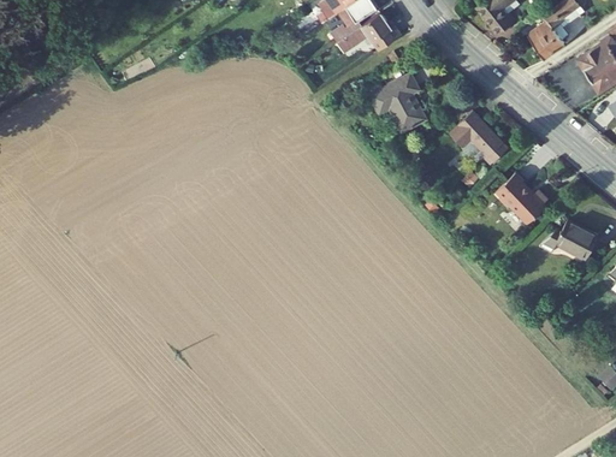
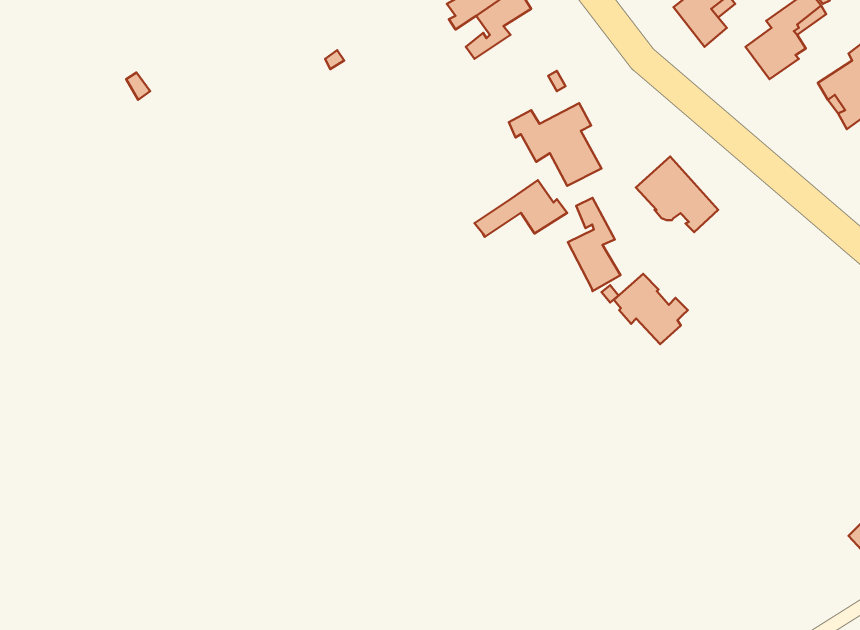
building: [337,13,402,53] -> [474,180,567,237]
building: none -> [568,198,620,291]
building: [496,174,547,224] -> [614,274,688,344]
building: [540,220,598,259] -> none

